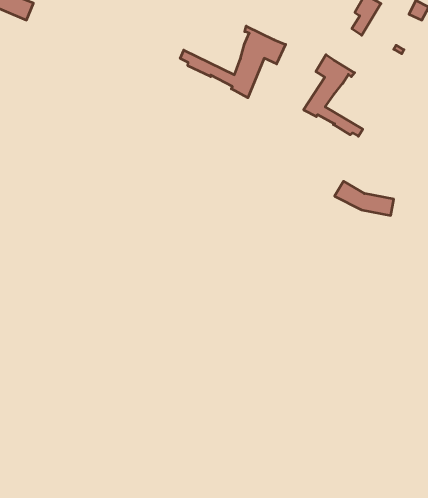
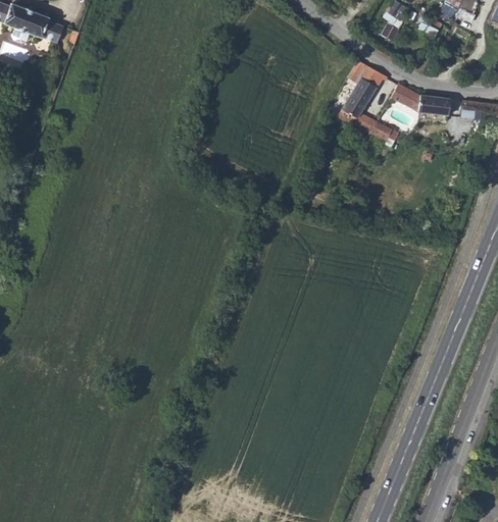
building: [180,26,286,98] -> none
building: [335,181,394,215] -> [391,84,450,115]

